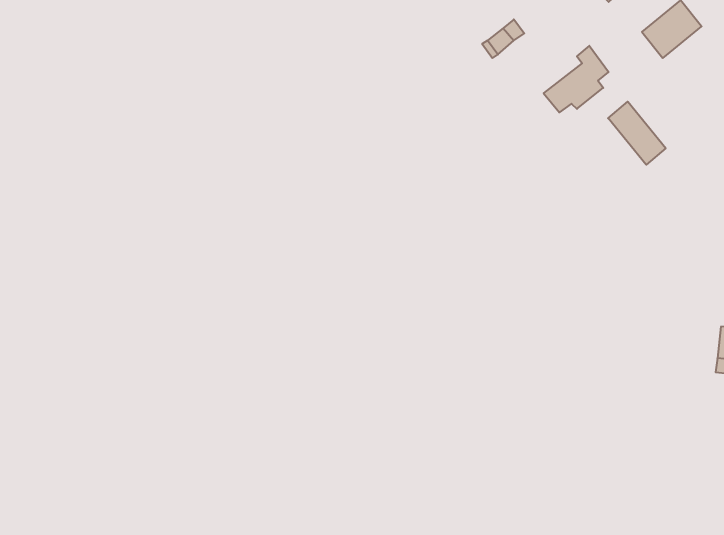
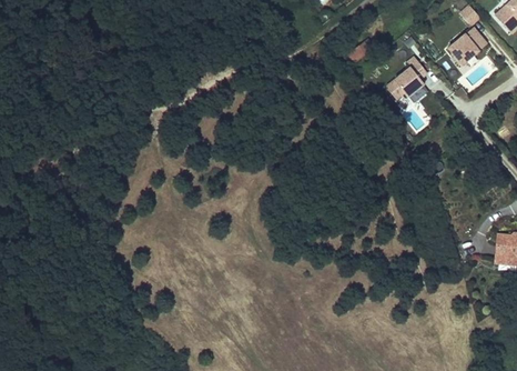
building: [608,102,666,165] -> none

